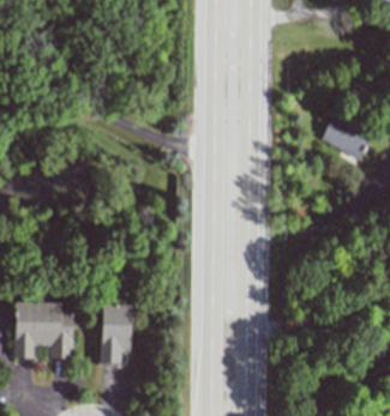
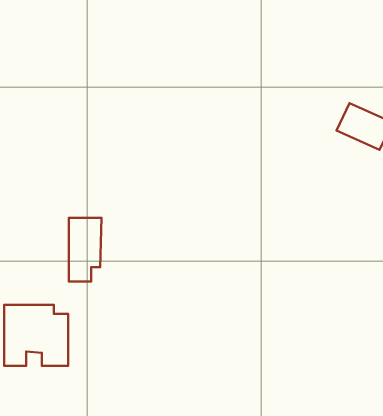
building: [103,303,133,362] -> [69,218,102,281]

